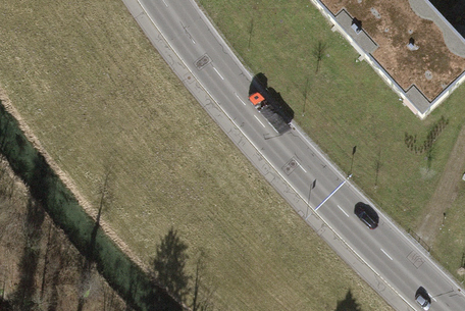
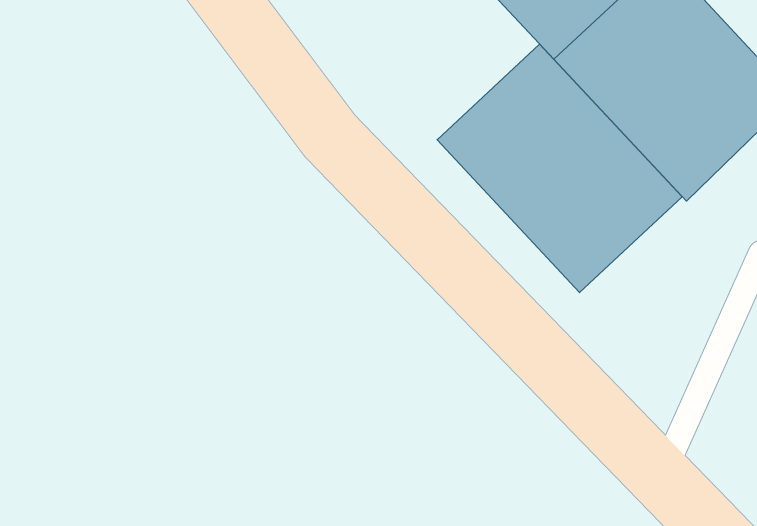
building: none -> [437,44,682,293]

